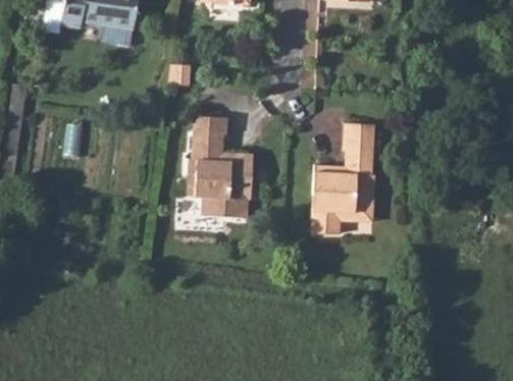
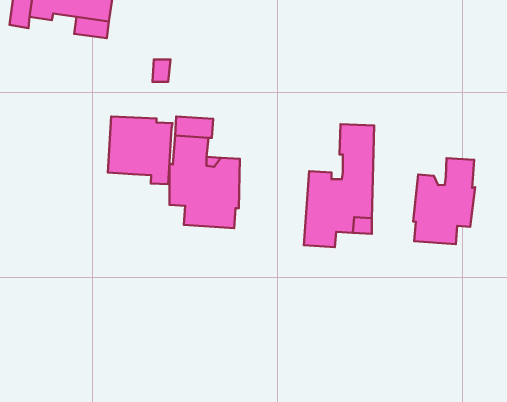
building: none -> [108,117,172,184]
building: none -> [413,158,475,244]

